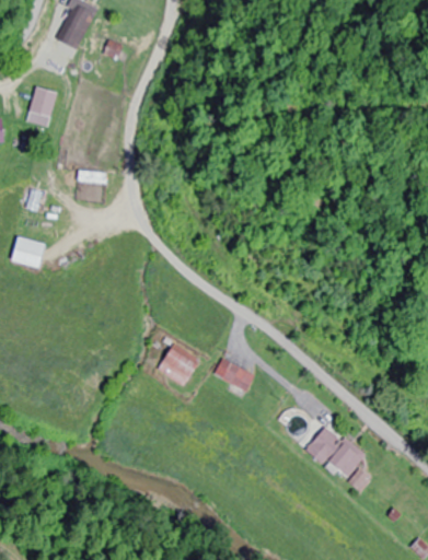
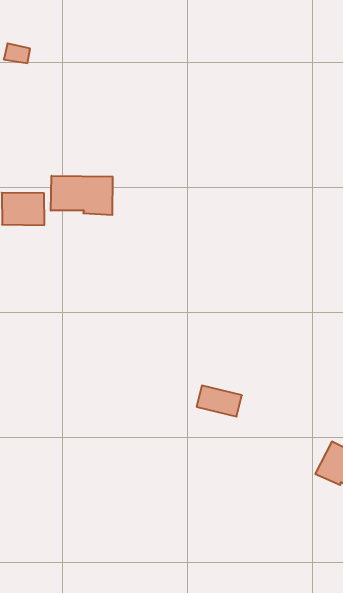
building: none -> [51,176,113,215]
building: [157,345,201,388] -> none

